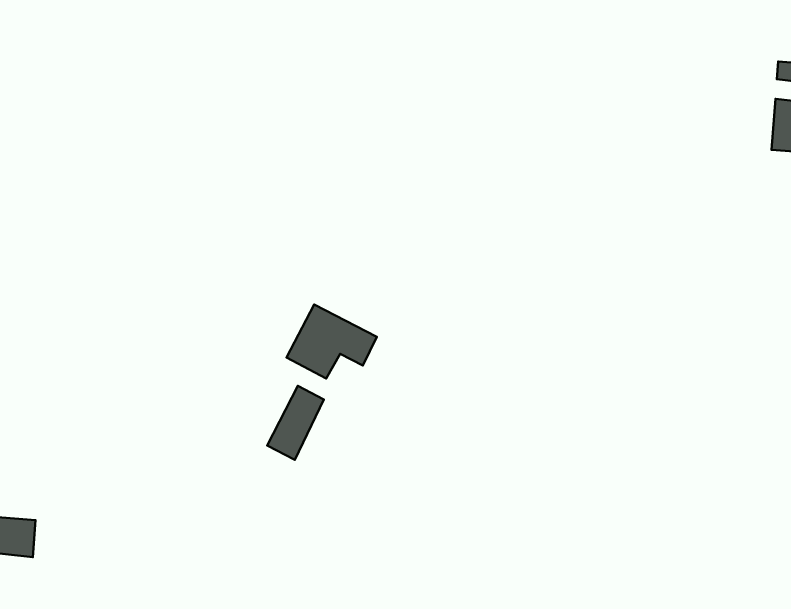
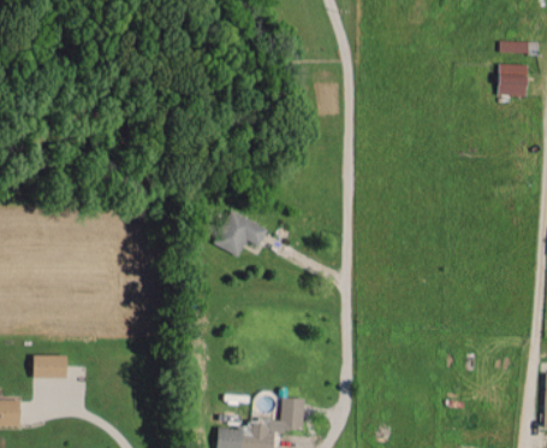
building: [267,386,324,460] -> none

